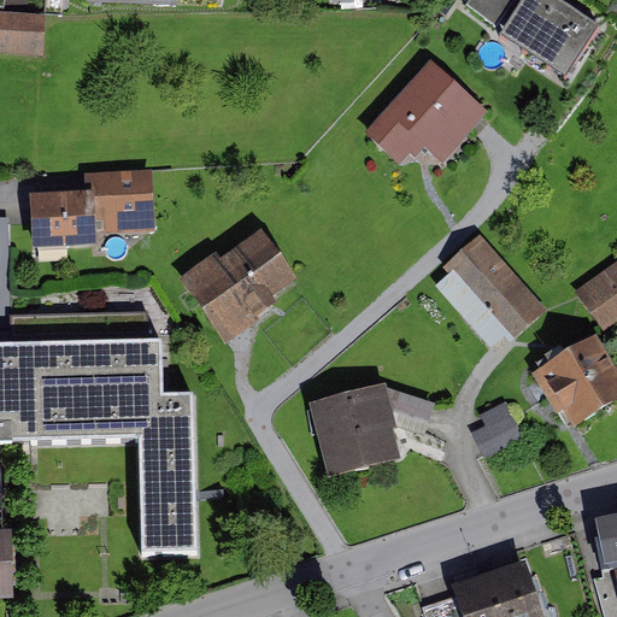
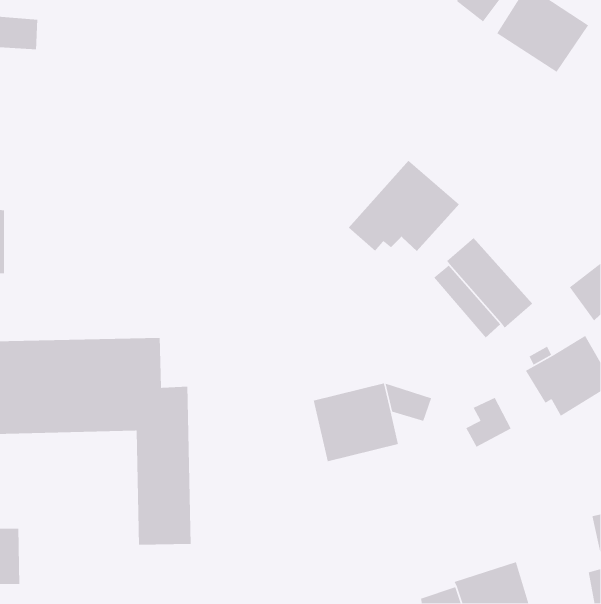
building: [368,63,481,155] -> [348,160,460,252]
building: [35,169,154,245] -> none
building: [187,233,295,334] -> none

